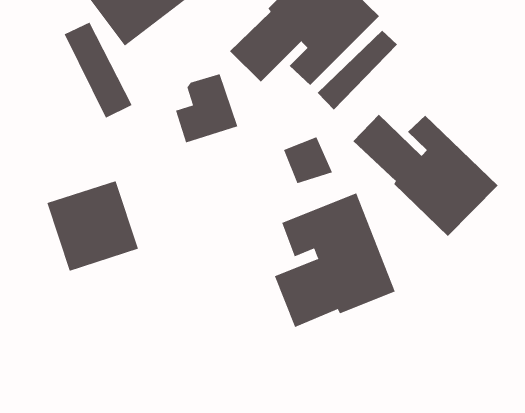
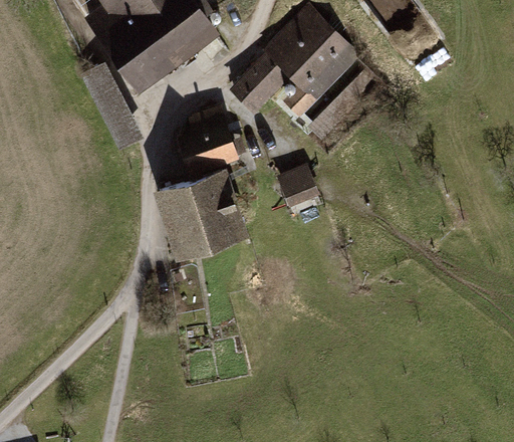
building: [353,114,499,237] -> none
building: [47,180,139,271] -> [159,172,241,253]
building: [274,193,395,328] -> none

